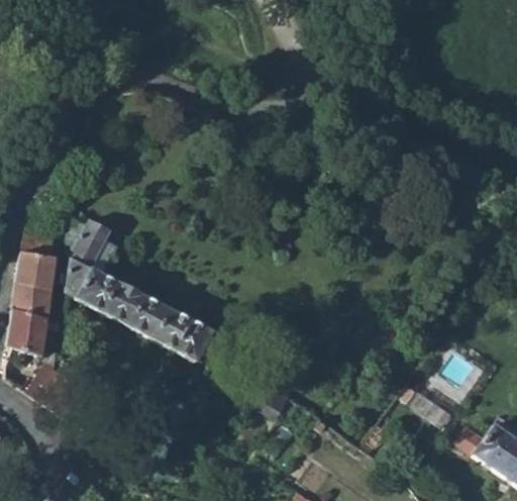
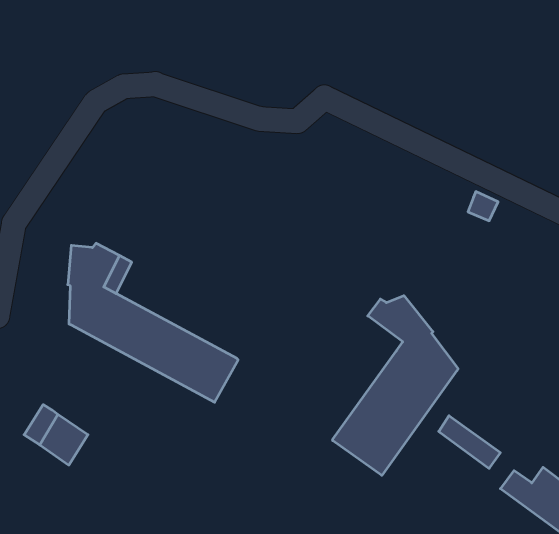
building: [7,236,56,362] -> none
building: none -> [333,296,458,475]

